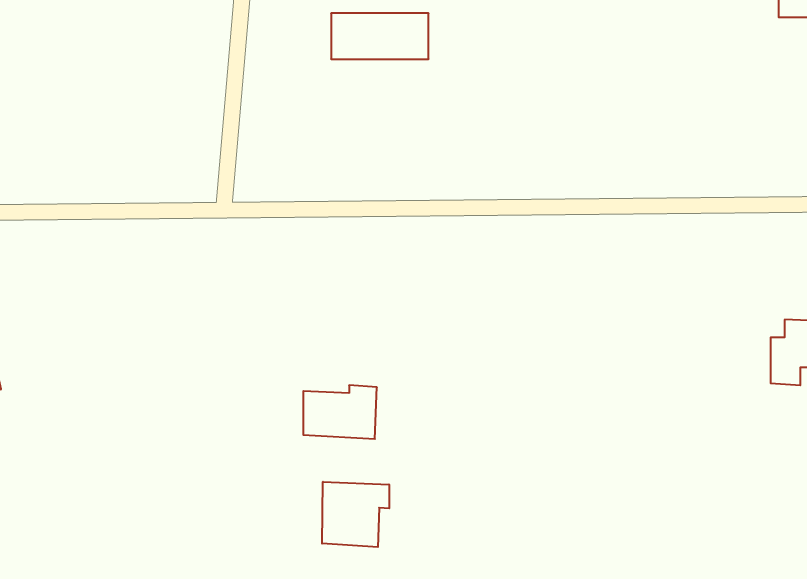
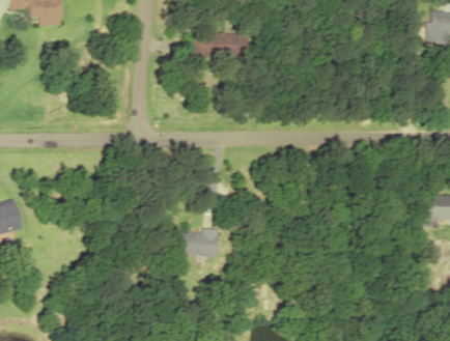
building: [322,482,389,547] -> none

